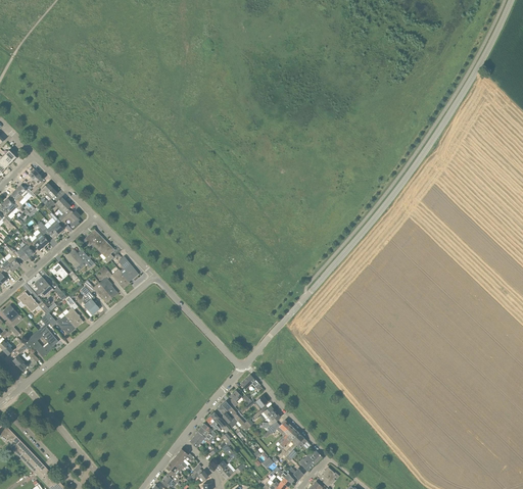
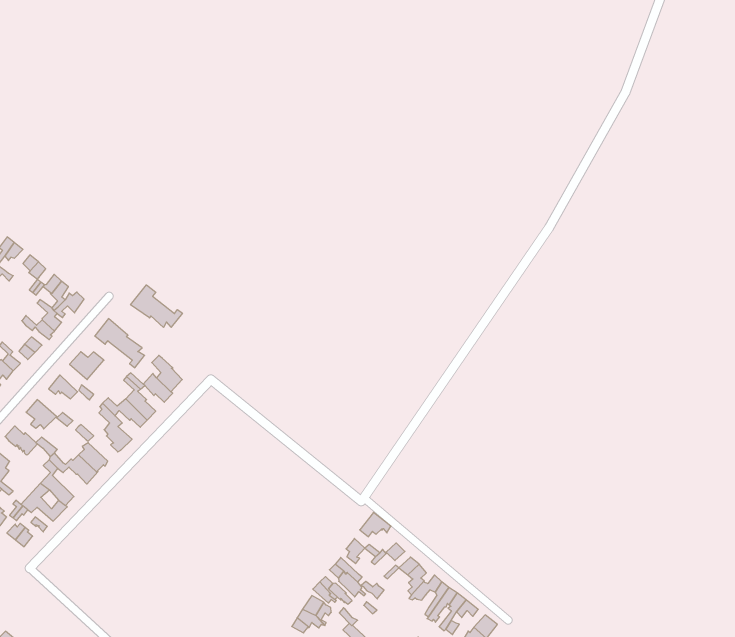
building: none -> [131,285,182,327]

